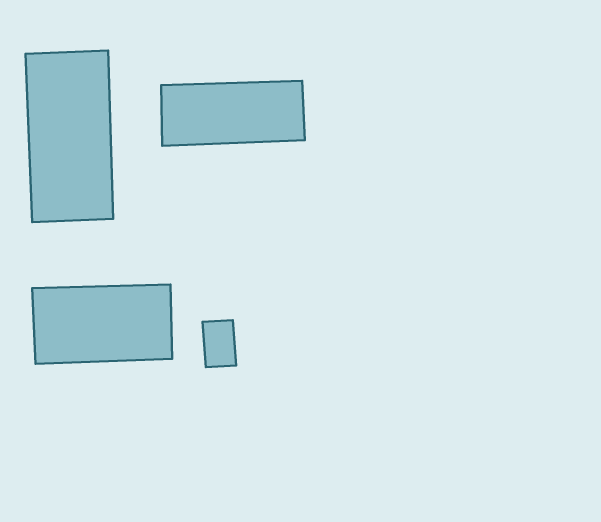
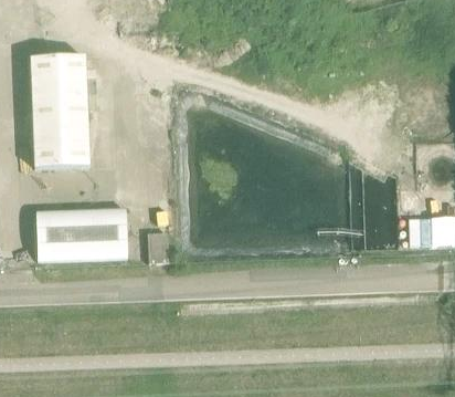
building: [161,81,305,146] -> none

